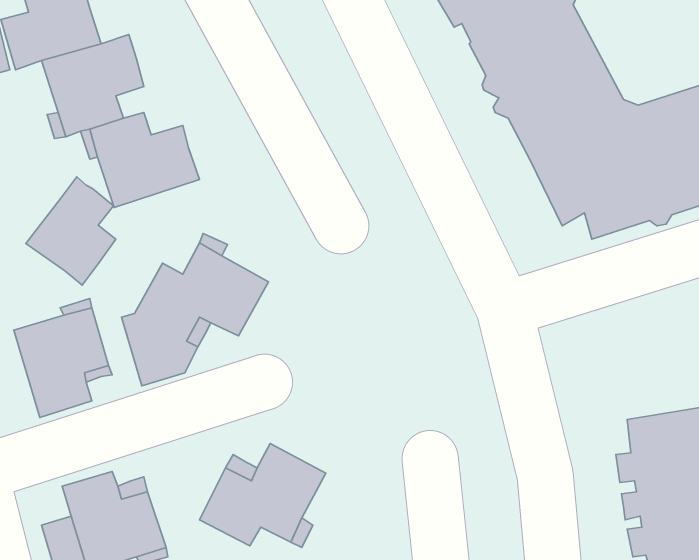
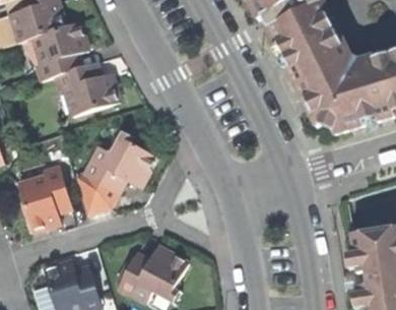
building: [26,177,116,285] -> none

